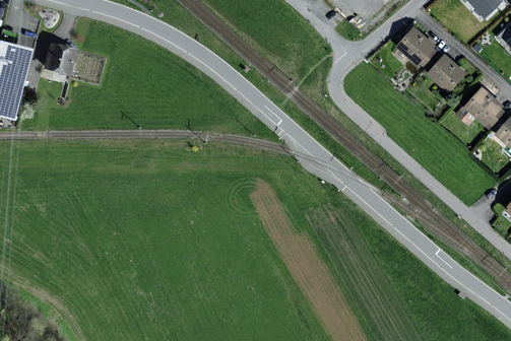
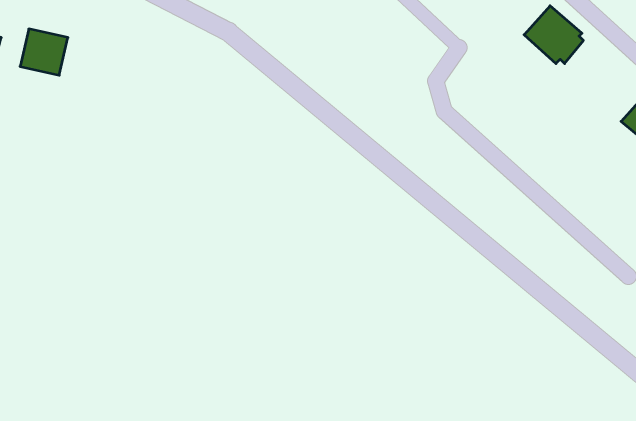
building: [425,50,466,91] -> none

